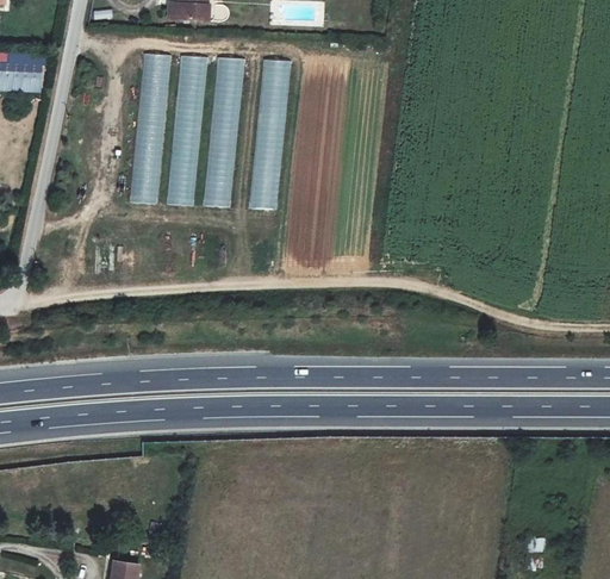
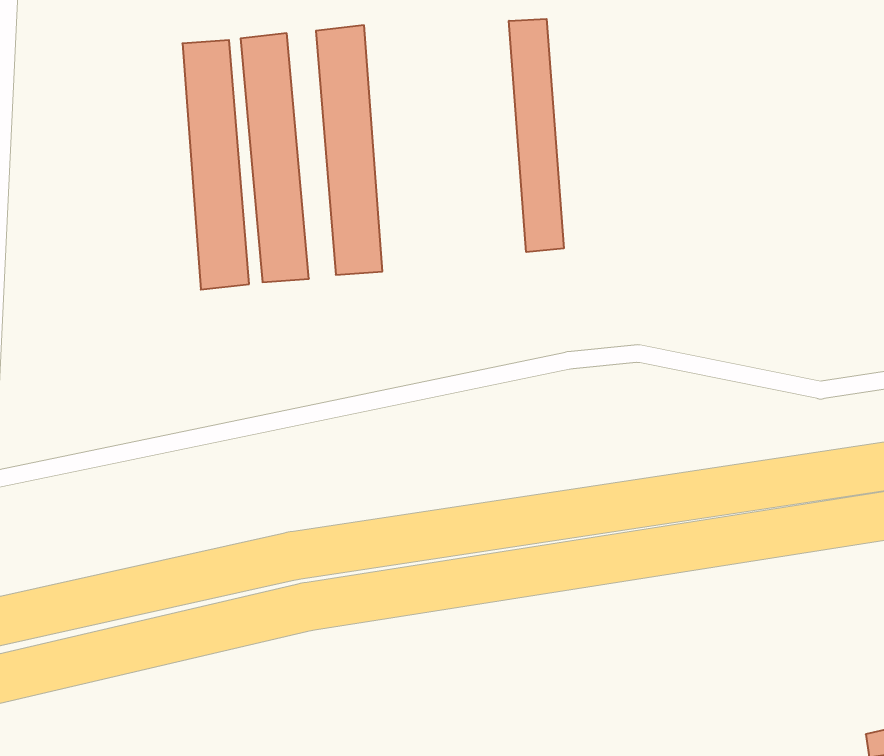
building: [131,52,170,205] -> none
building: none -> [509,19,564,252]

